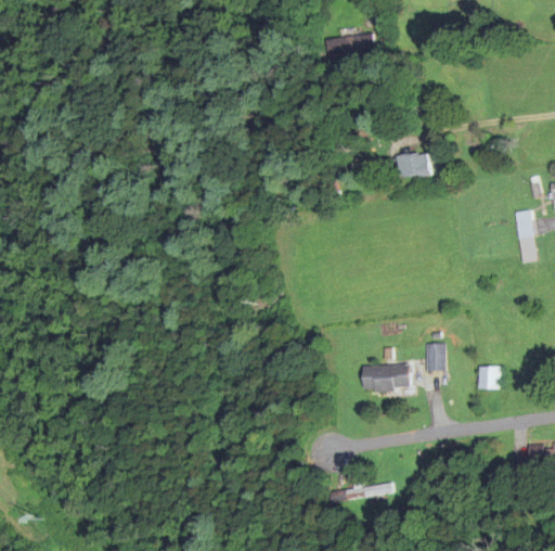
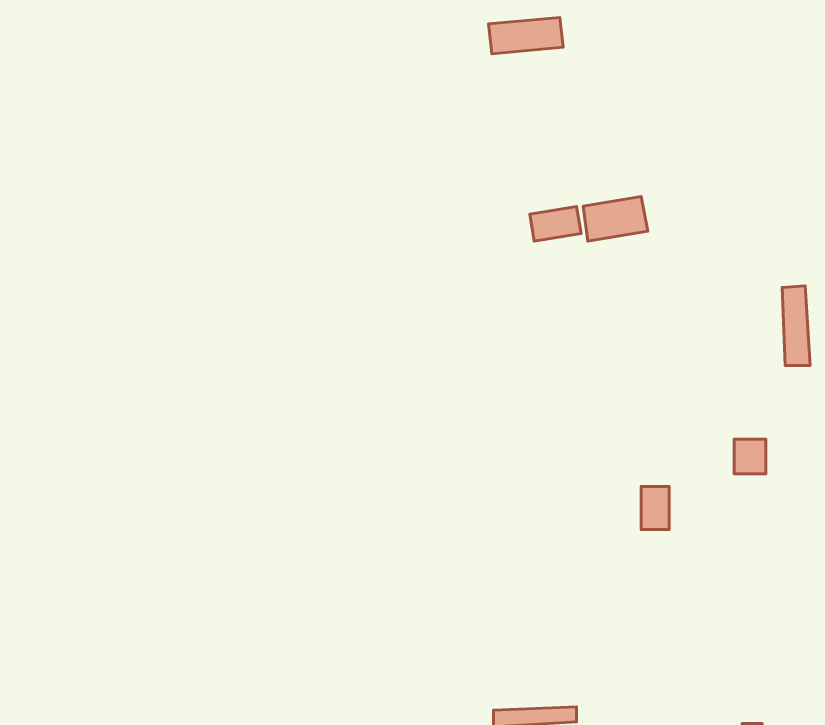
building: none -> [530,206,581,241]
building: [363,363,409,388] -> none
building: [479,366,500,388] -> [734,439,766,474]

